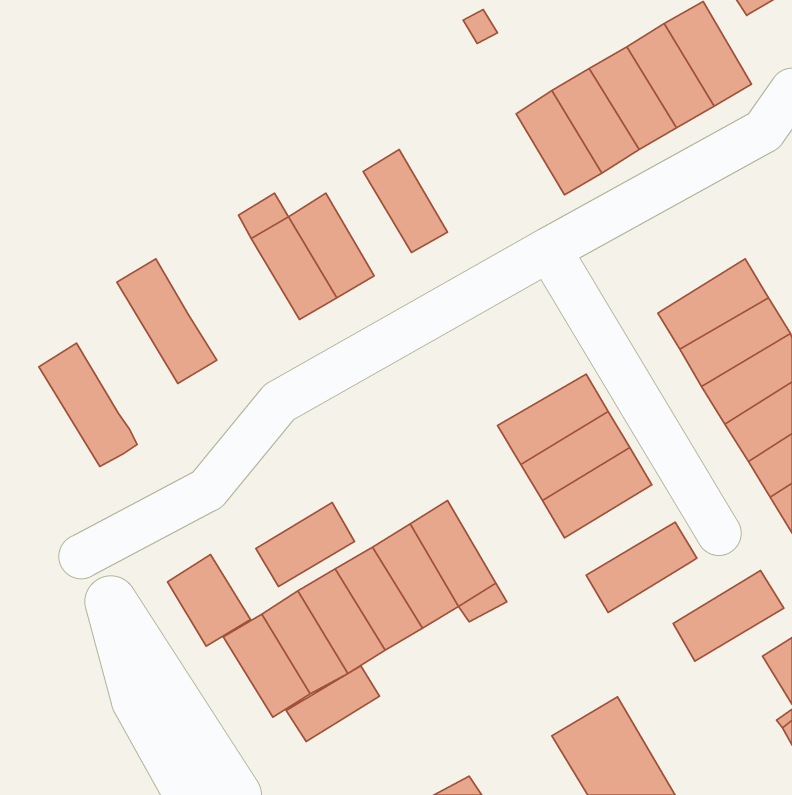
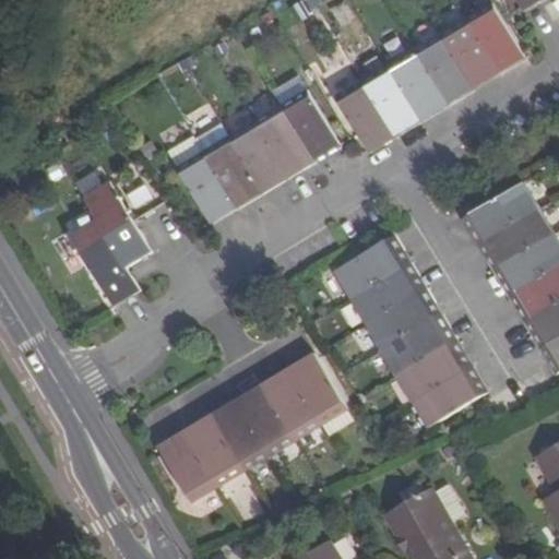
building: none -> [335,80,395,152]
building: none -> [280,88,340,163]
building: none -> [228,120,288,193]
building: none -> [332,235,411,298]
building: [39,343,137,466] -> [69,219,138,306]
building: [256,502,354,586] -> none
building: [168,555,250,646] -> none
building: [673,571,784,661] -> [395,340,473,403]
building: [286,666,380,741] -> none

